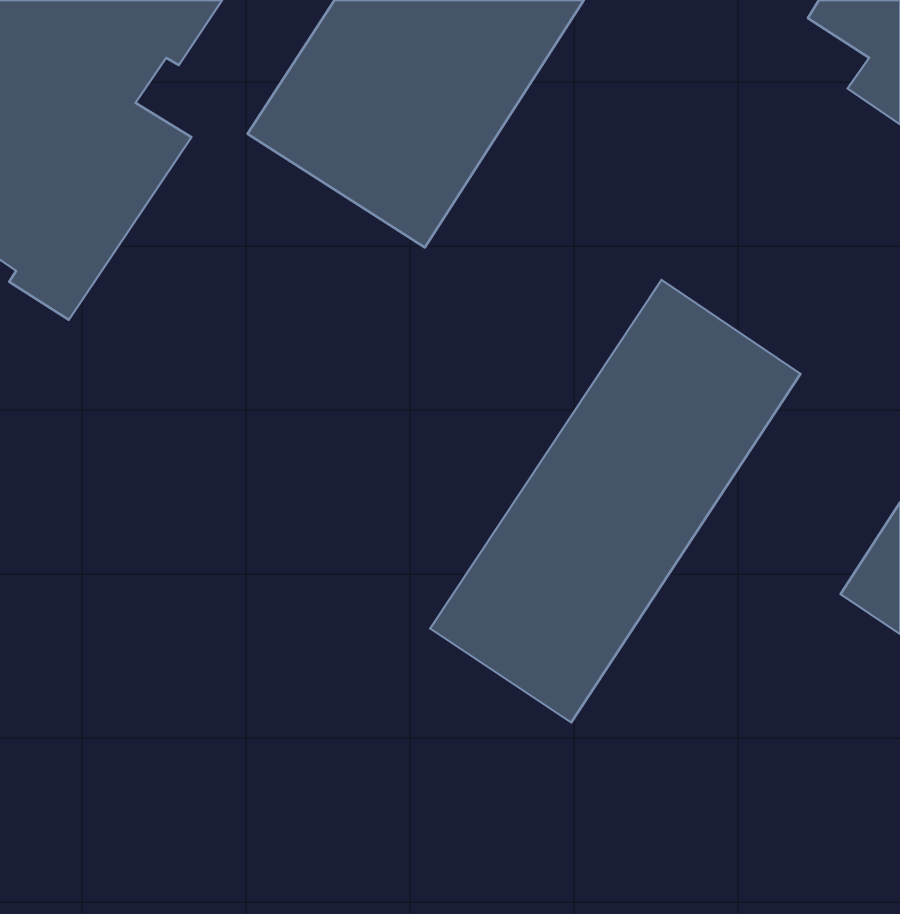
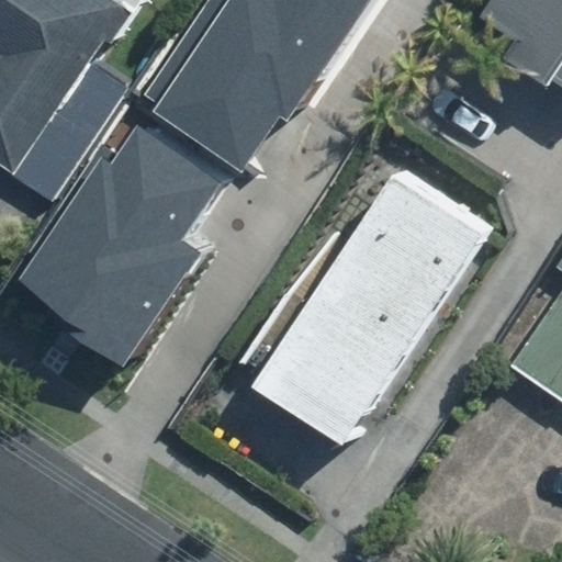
building: none -> [37,115,225,340]

